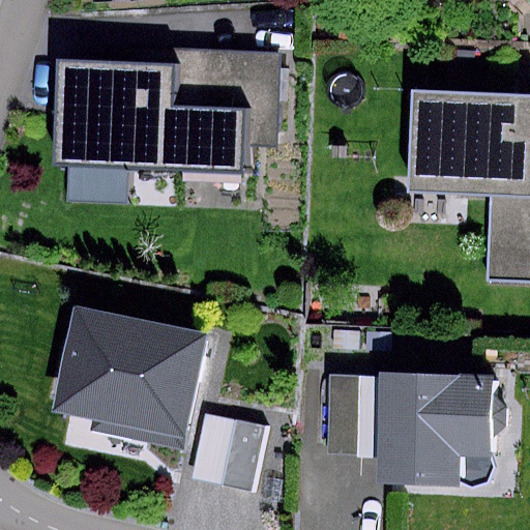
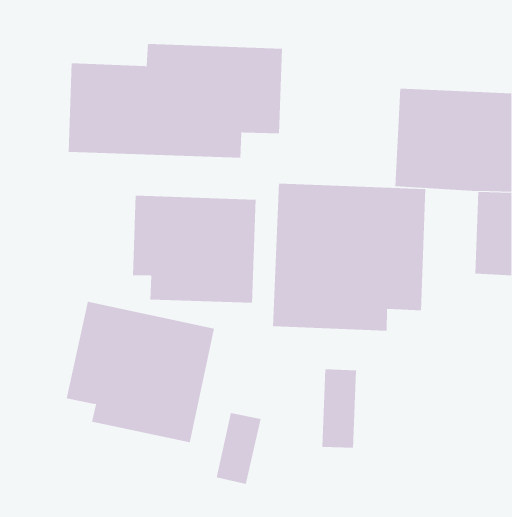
building: none -> [273,183,426,331]
building: none -> [132,195,256,303]
building: [372,374,500,485] -> none

